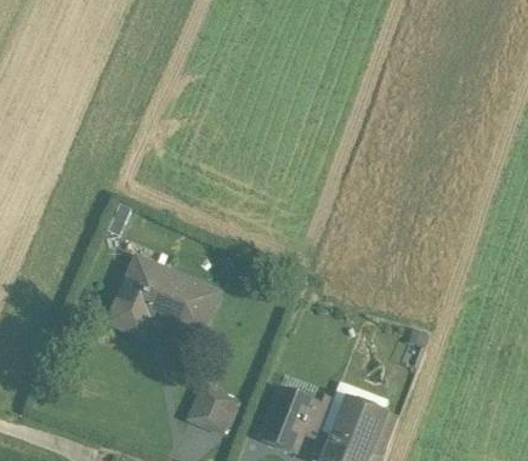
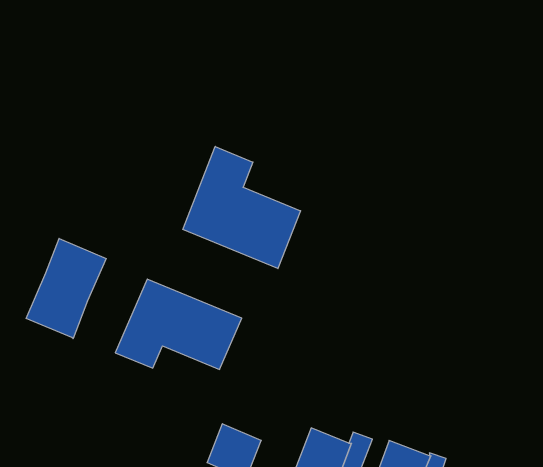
building: none -> [183,146,301,269]
building: none -> [26,238,106,339]

